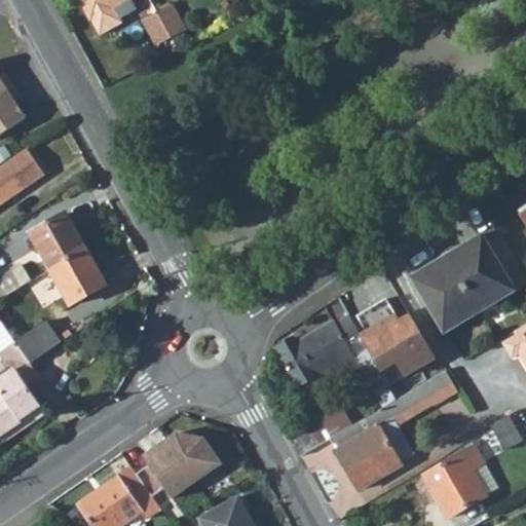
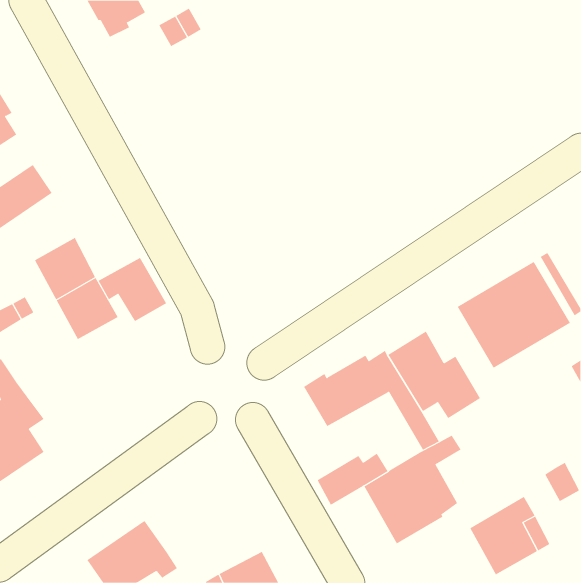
building: none -> [98,257,167,322]
building: [15,323,60,364] -> none
building: [408,370,455,411] -> none
building: [136,434,221,498] -> none

